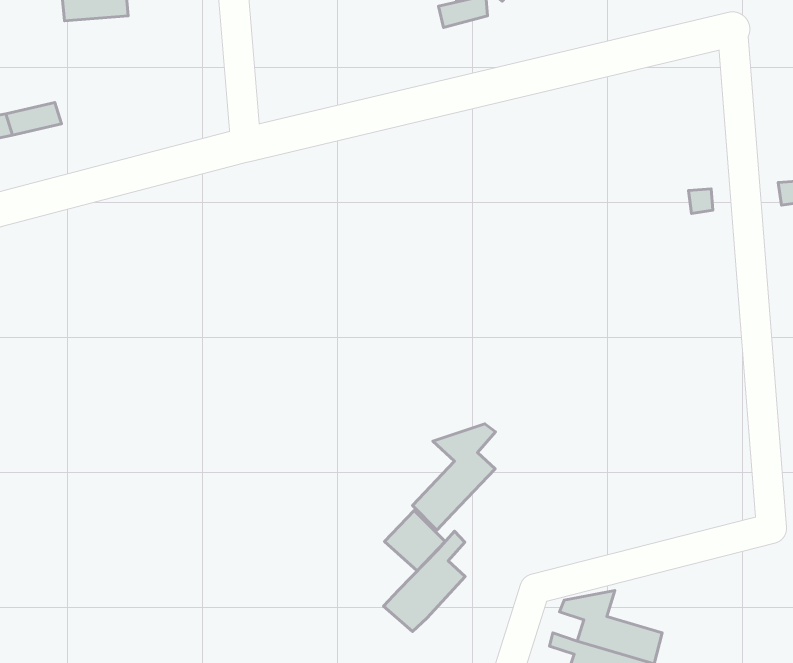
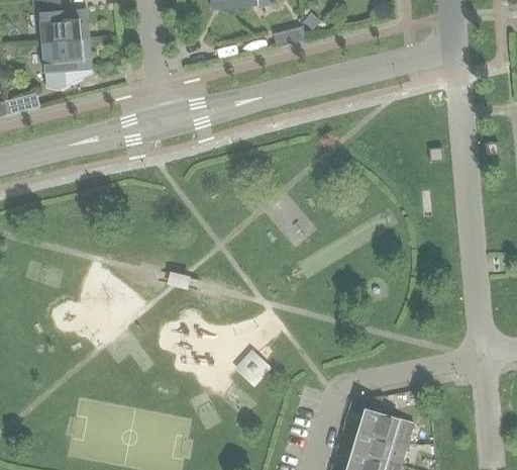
building: none -> [42,40,84,74]
building: [412,424,496,530] -> none
building: [384,531,465,632] -> none

